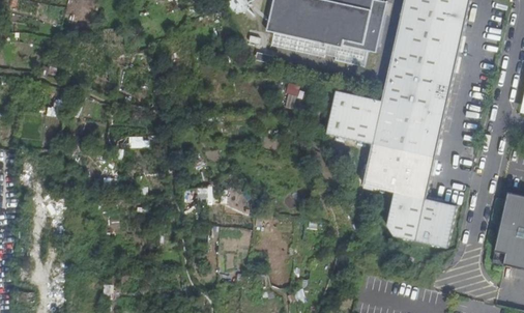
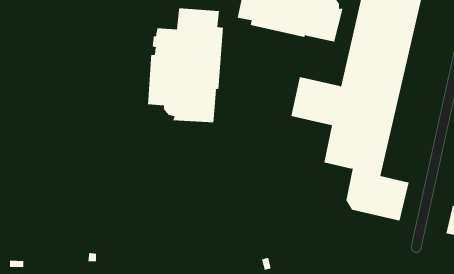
building: none -> [148,7,224,123]

